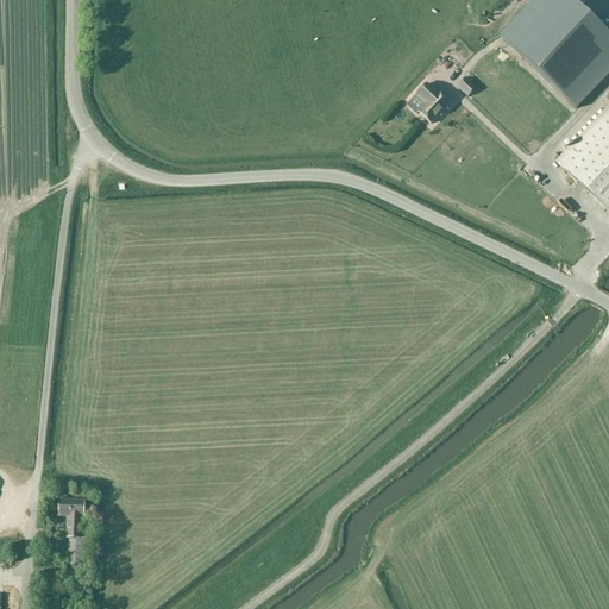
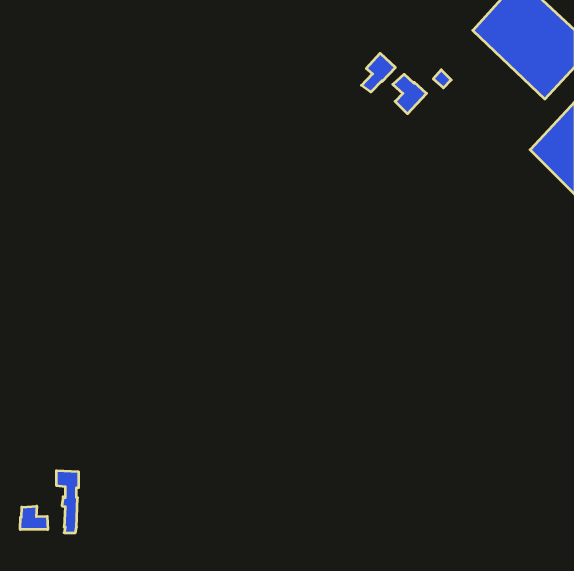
building: none -> [361,53,395,92]
building: none -> [20,506,48,530]

